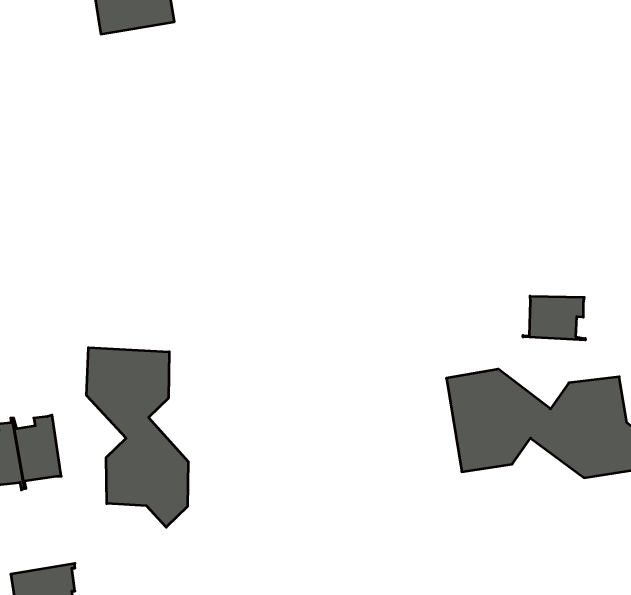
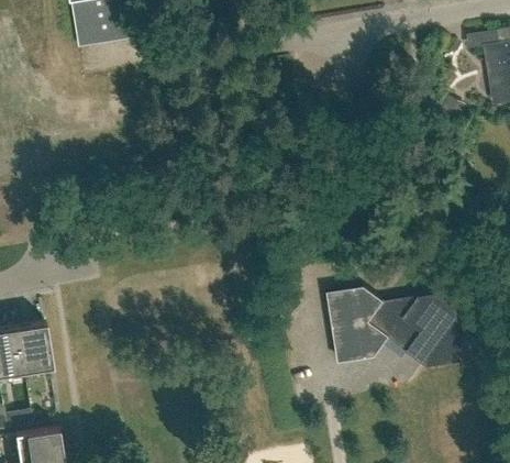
building: [523,296,585,340] -> none
building: [87,348,188,527] -> none

